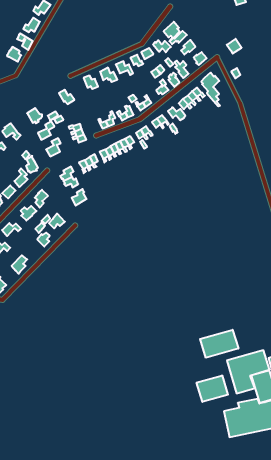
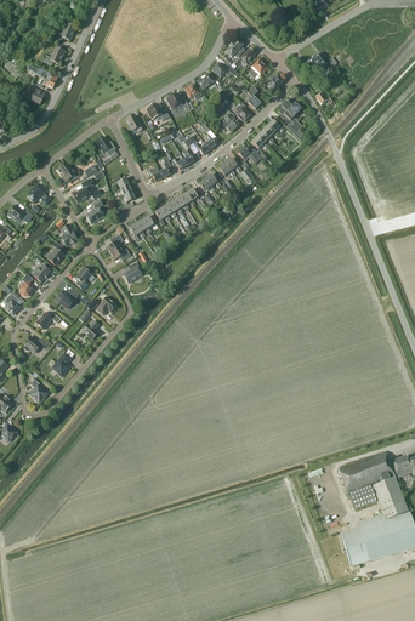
building: [200,330,238,358] -> none
building: [197,375,228,402] -> none

